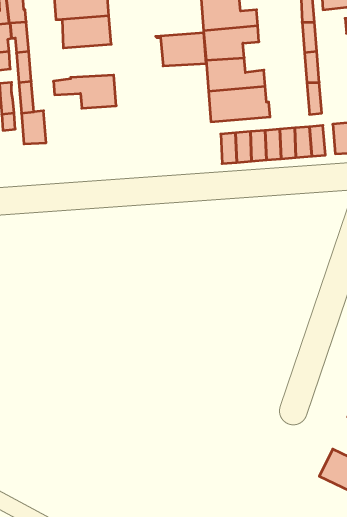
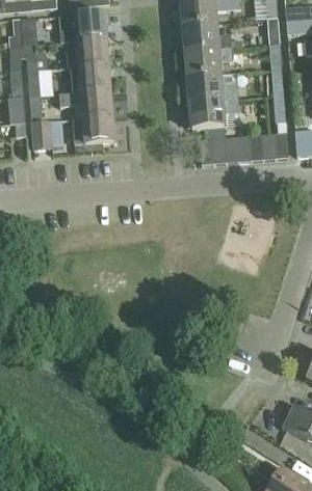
building: [156,33,206,66] -> [67,63,109,91]
building: none -> [72,115,113,144]

